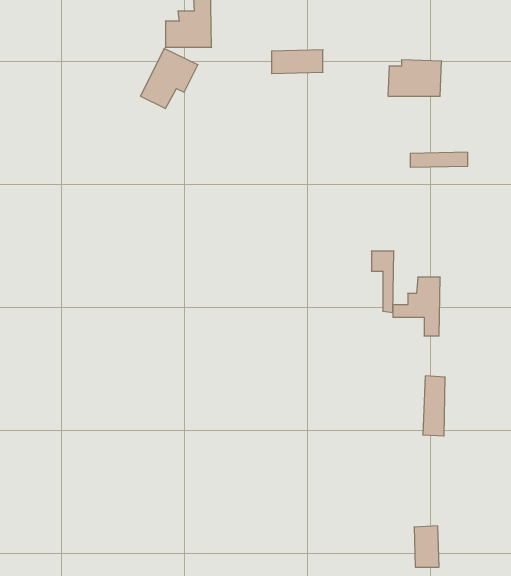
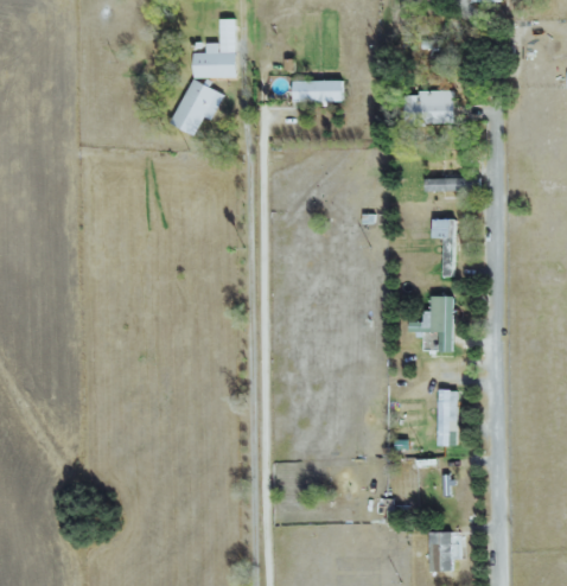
building: [371,251,394,312] -> [433,218,454,276]

